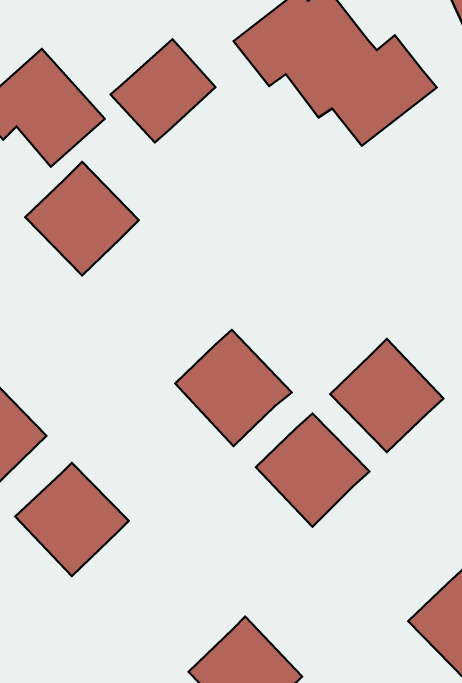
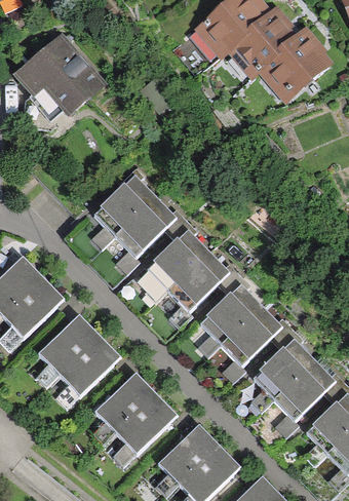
building: [110,39,215,143] -> none
building: [25,162,139,275] -> [99,174,177,252]
building: [330,339,444,452] -> [257,337,335,415]
building: none -> [96,375,174,453]

